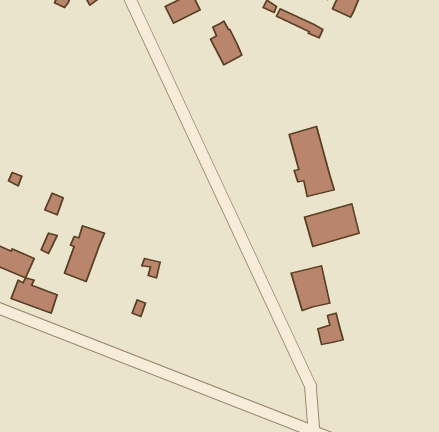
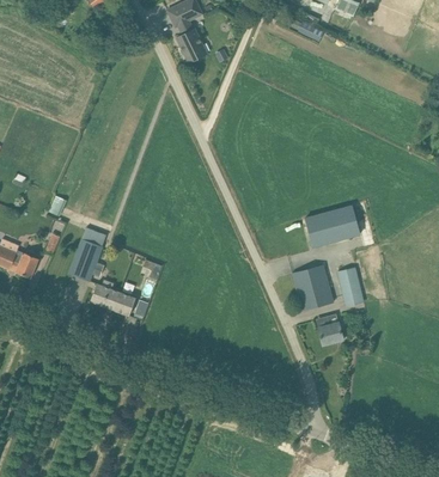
building: [210,21,242,65] -> [176,19,207,62]
building: [289,127,334,196] -> none
building: none -> [337,267,364,305]
building: [11,278,57,313] -> [90,280,135,314]

